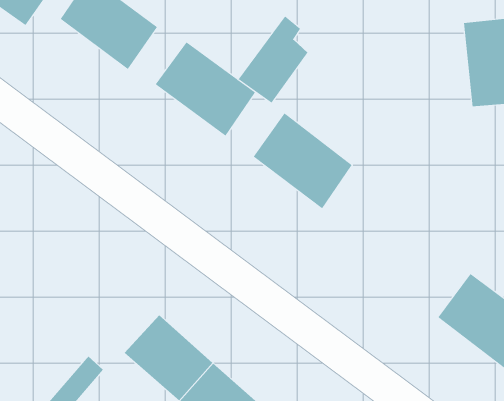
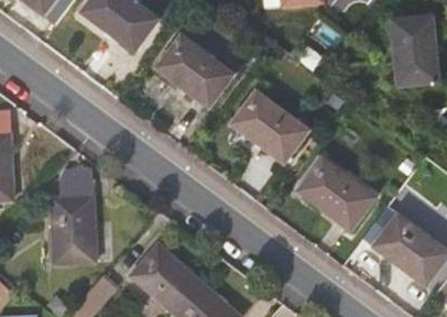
building: [238,15,308,104] -> none
building: none -> [298,156,378,231]
building: none -> [48,170,95,263]

